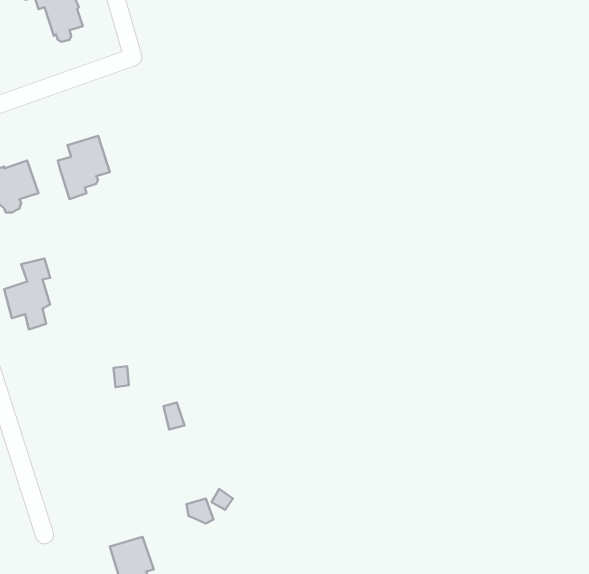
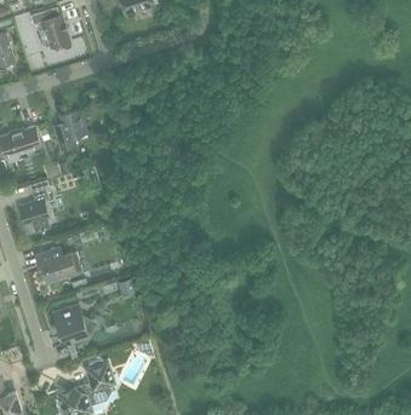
building: none -> [35,247,82,281]
building: none -> [53,305,91,341]

